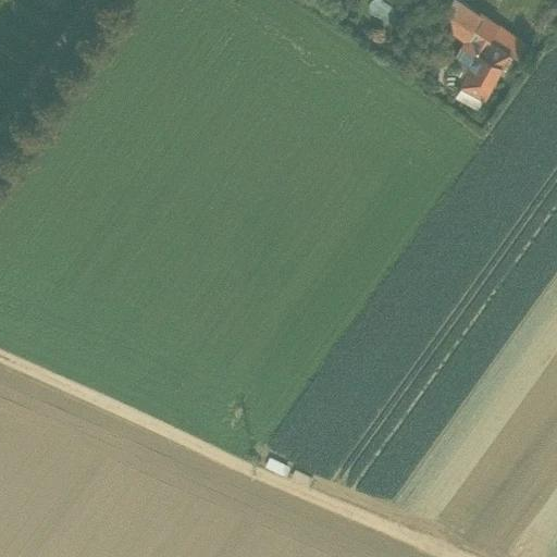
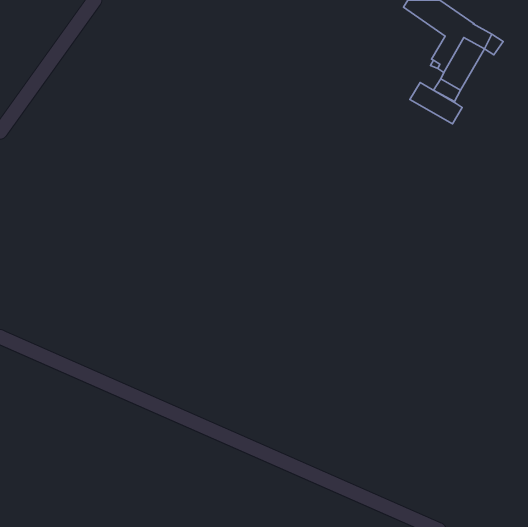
building: none -> [410,82,462,124]

